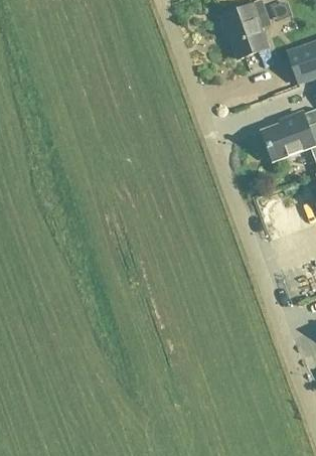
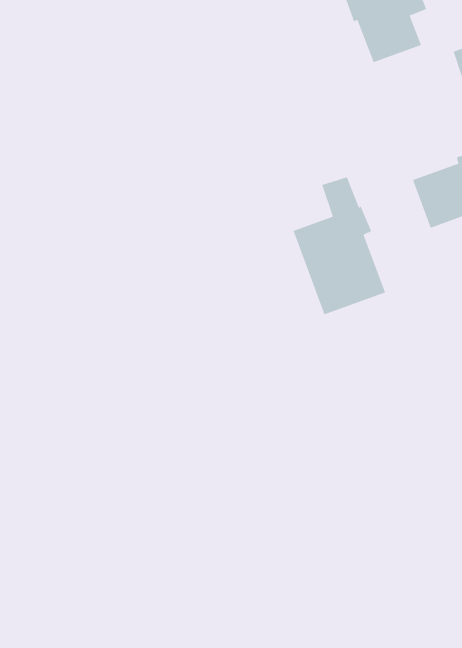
building: none -> [293,176,386,315]

